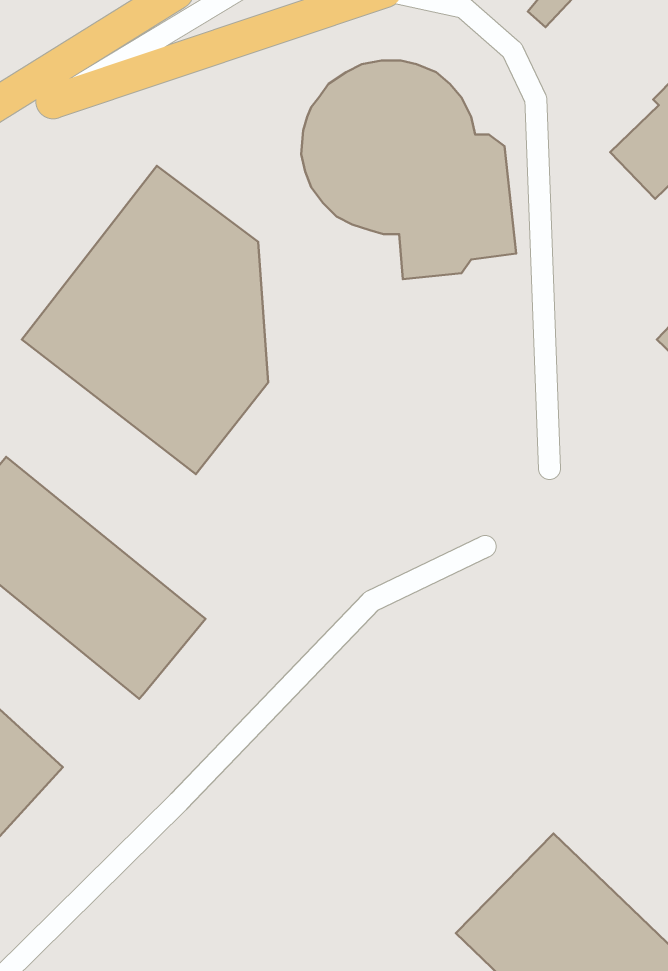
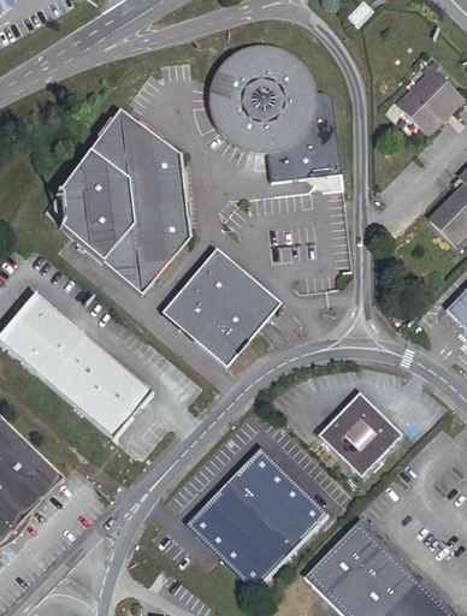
building: none -> [161,248,282,367]
building: none -> [317,393,401,478]
building: none -> [191,444,333,587]

